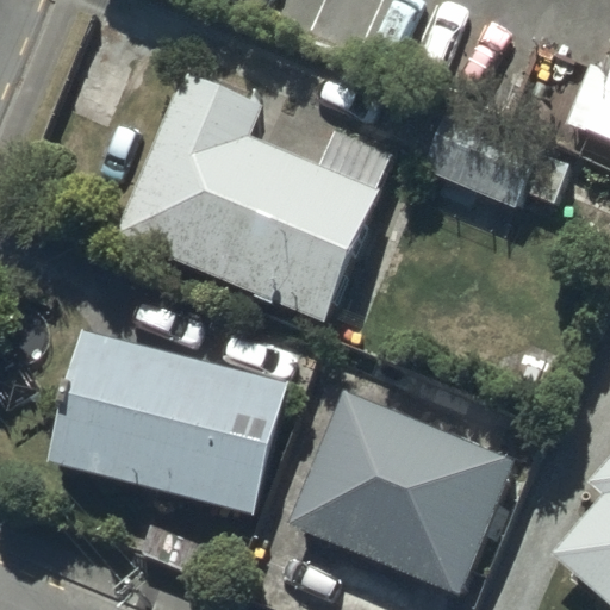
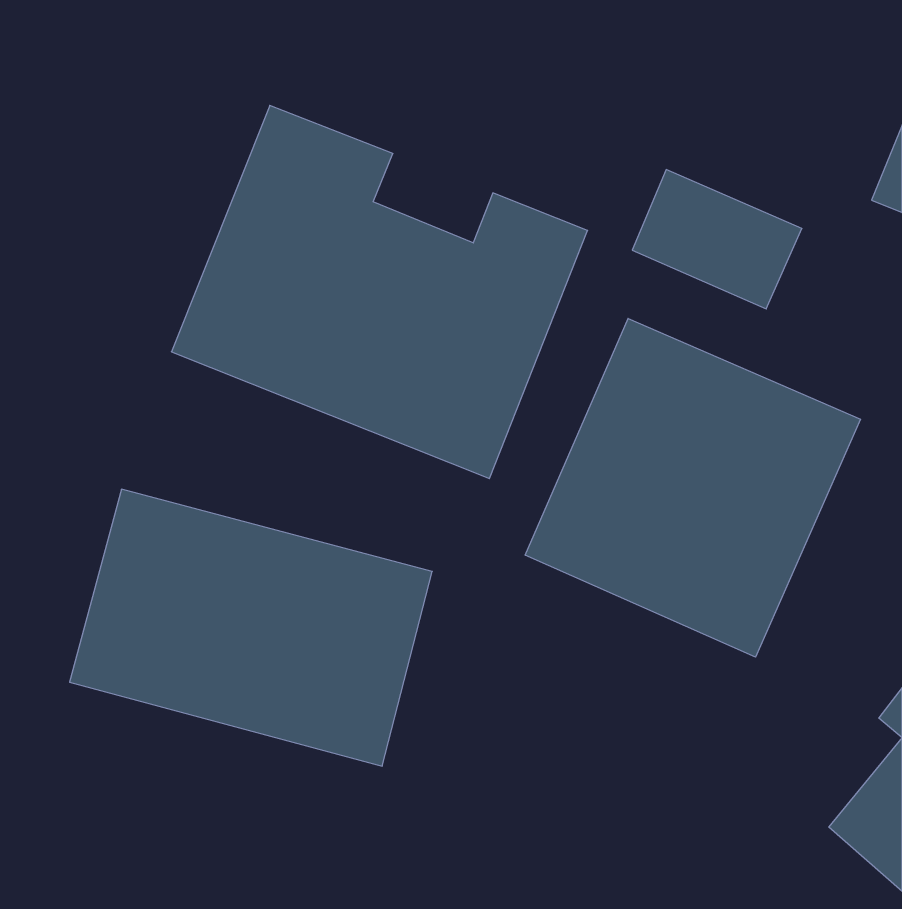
building: none -> [525,318,861,657]
building: [290,391,512,595] -> none

